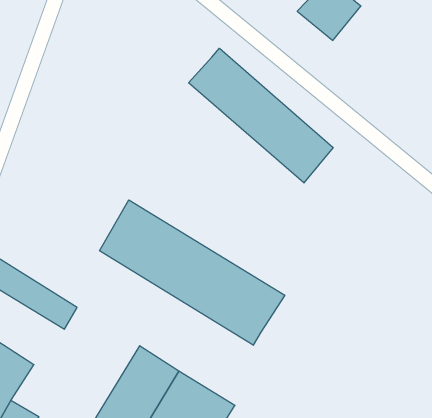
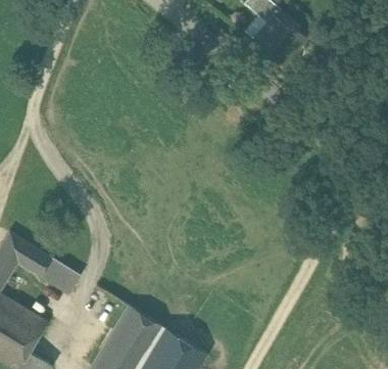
building: [189,48,333,183] -> none
building: [100,200,285,345] -> none

